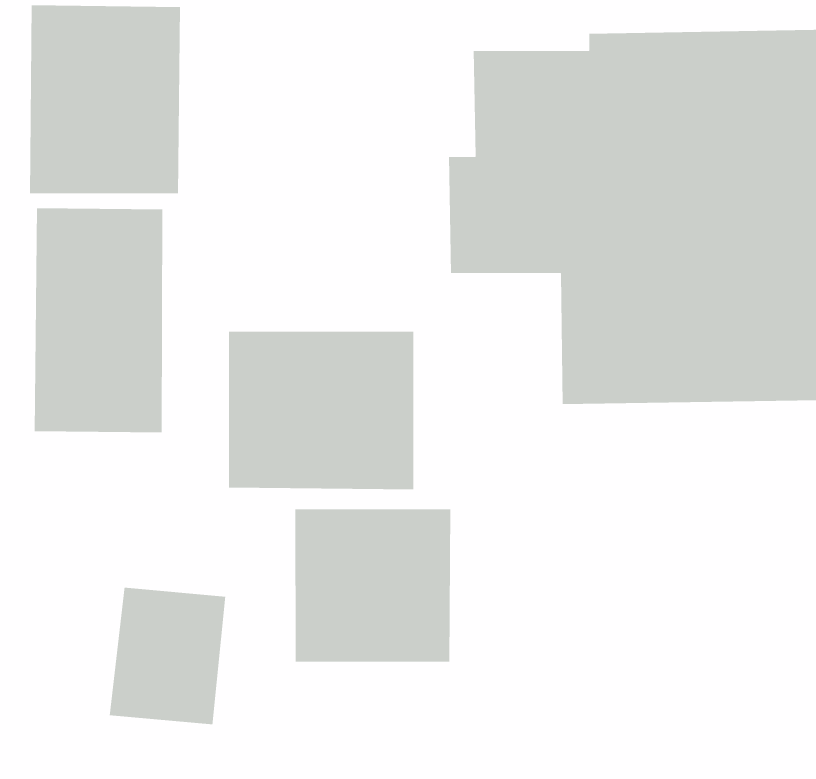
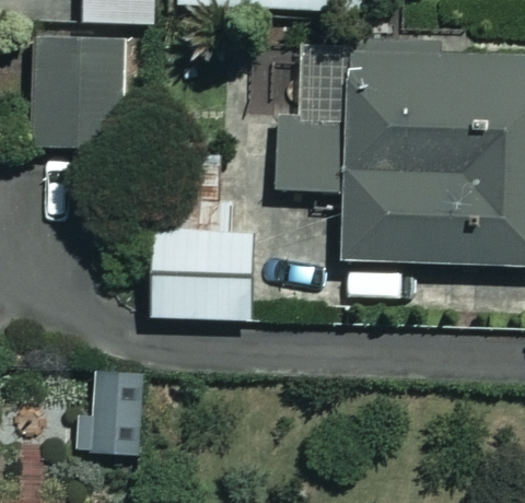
building: [34,208,163,433] -> none
building: [295,509,451,662] -> none

